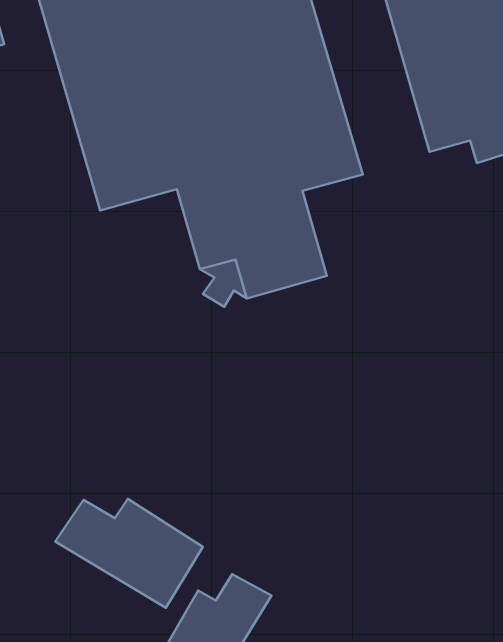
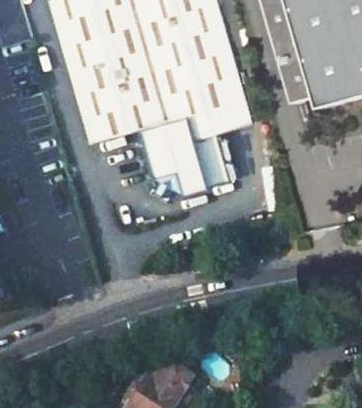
building: [55,499,203,608] -> none

